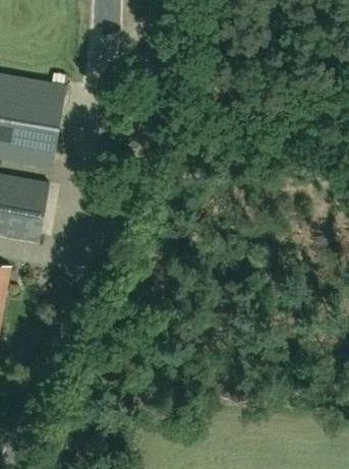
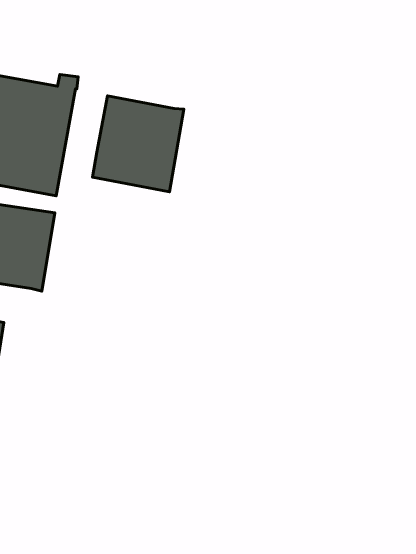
building: none -> [93,96,184,192]

